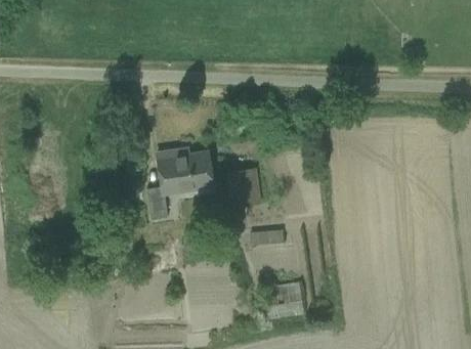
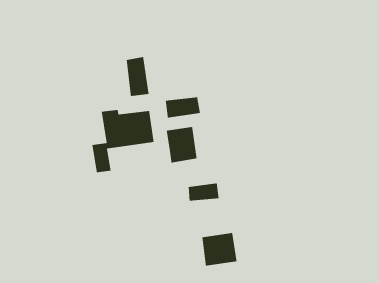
building: none -> [126,56,150,97]
building: none -> [165,97,201,118]

